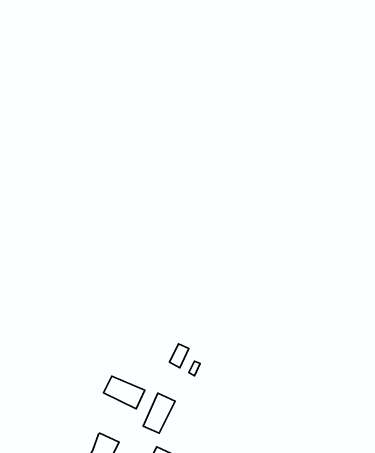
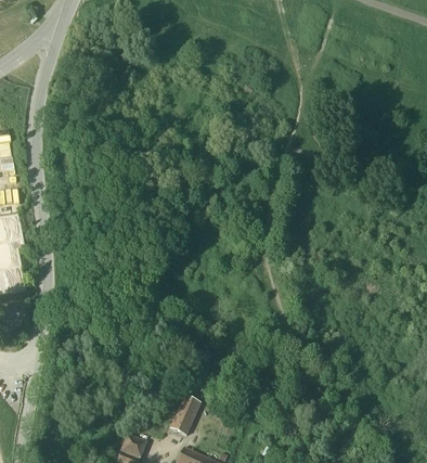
building: [103,376,145,409] -> none

